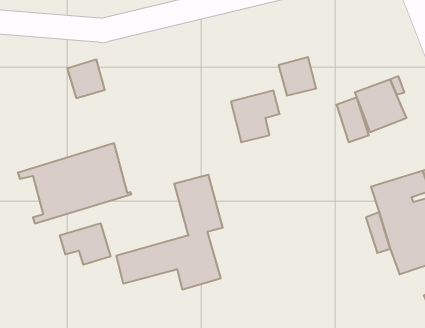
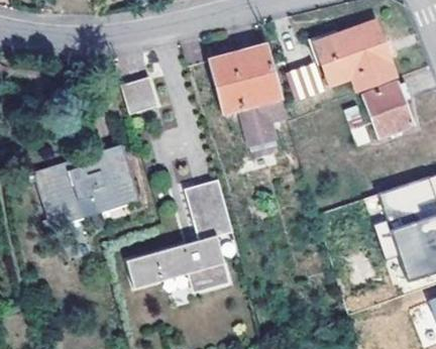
building: none -> [318,22,397,92]
building: none -> [208,46,281,112]
building: [67,60,105,98] -> [119,76,156,114]
building: [60,223,111,265] -> none

